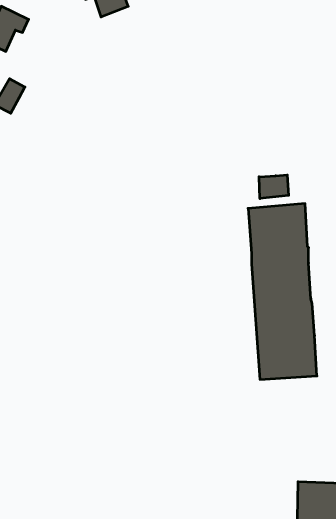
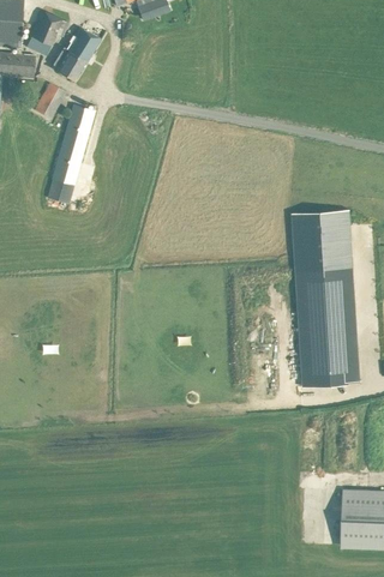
building: none -> [52,25,100,80]
building: none -> [46,104,94,203]
building: [259,175,289,199] -> none

